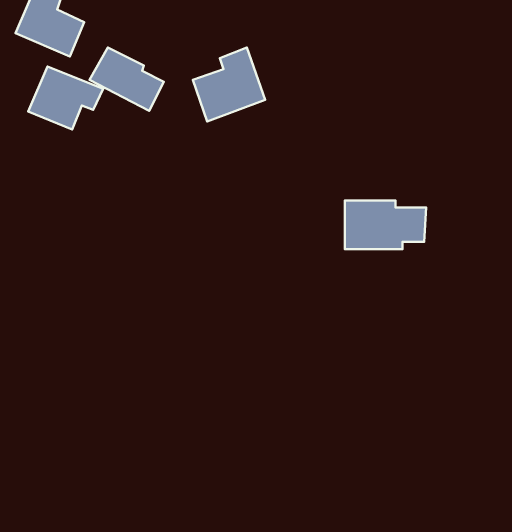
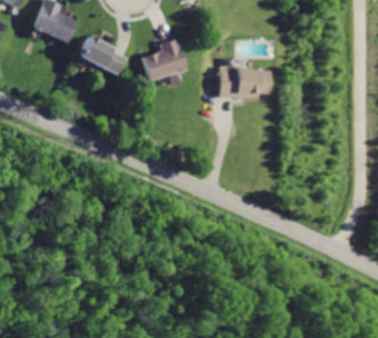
building: [28,66,103,129] -> none
building: [345,200,426,249] -> [221,67,271,97]

